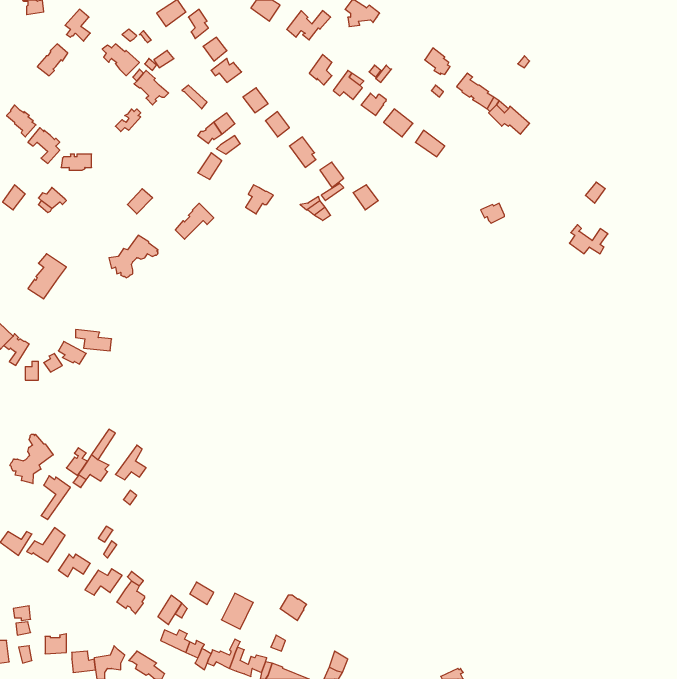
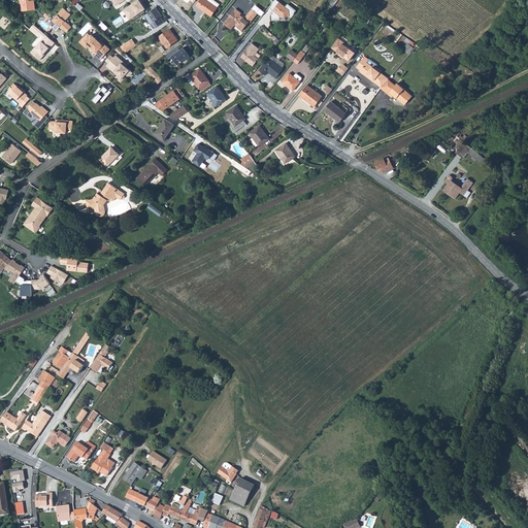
building: [10,434,53,484] -> none
building: [221,593,253,629] -> [229,478,254,506]

